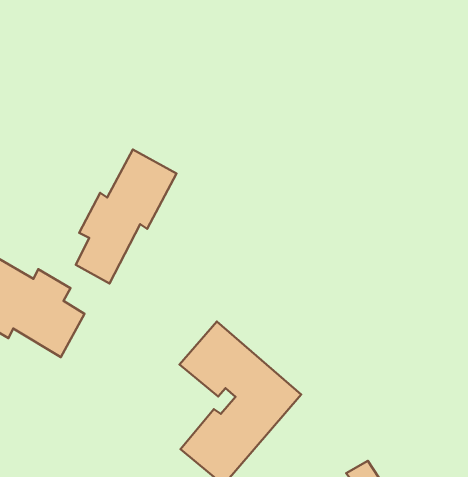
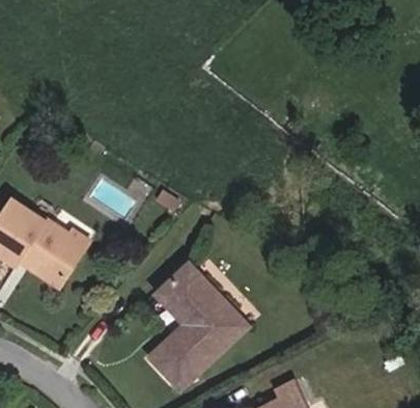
building: [76,149,176,283] -> none

